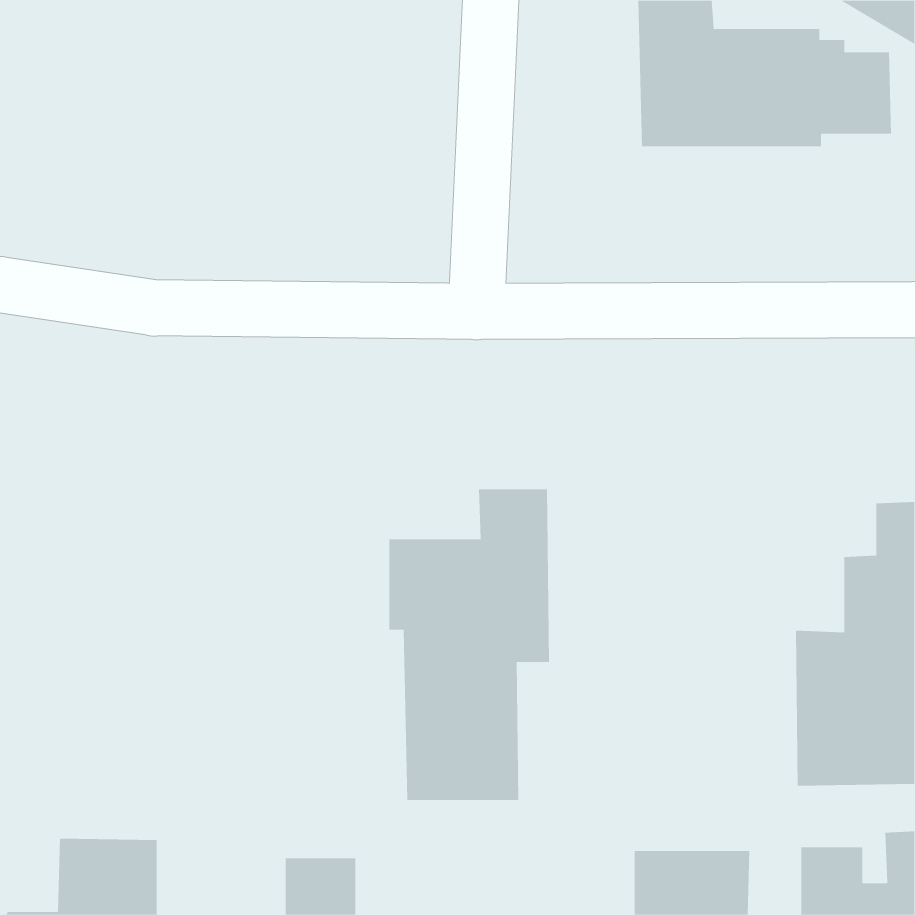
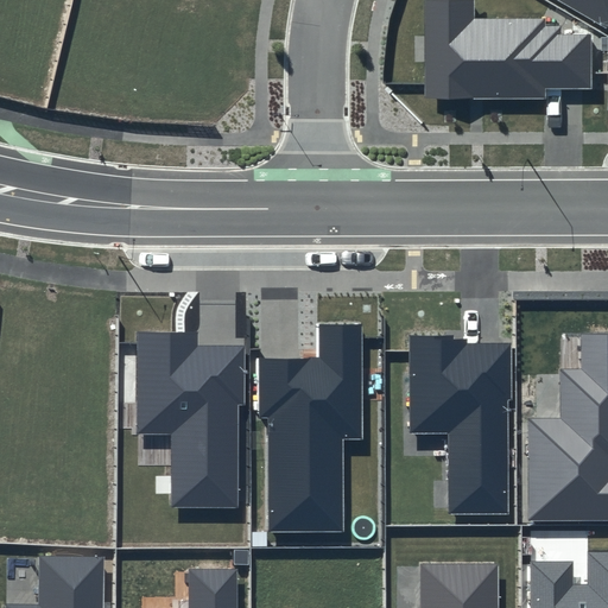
building: none -> [135,332,245,507]
building: none -> [410,335,511,515]

